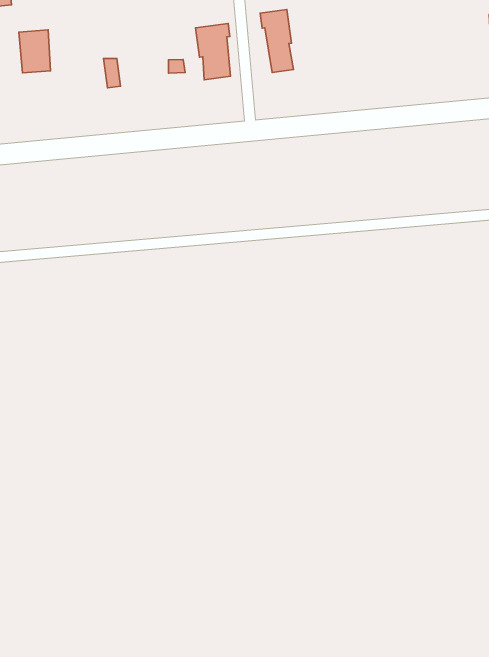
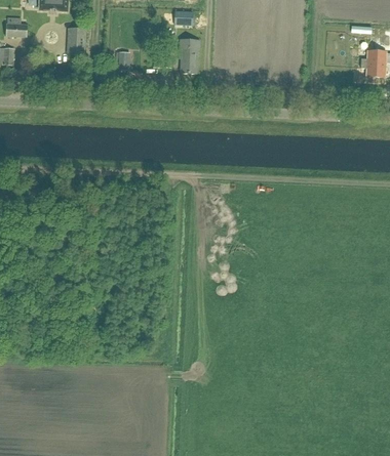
building: [260,10,294,73] -> none

